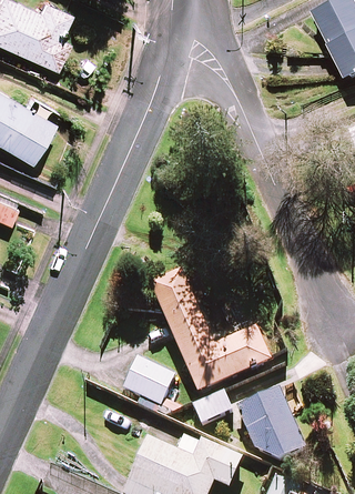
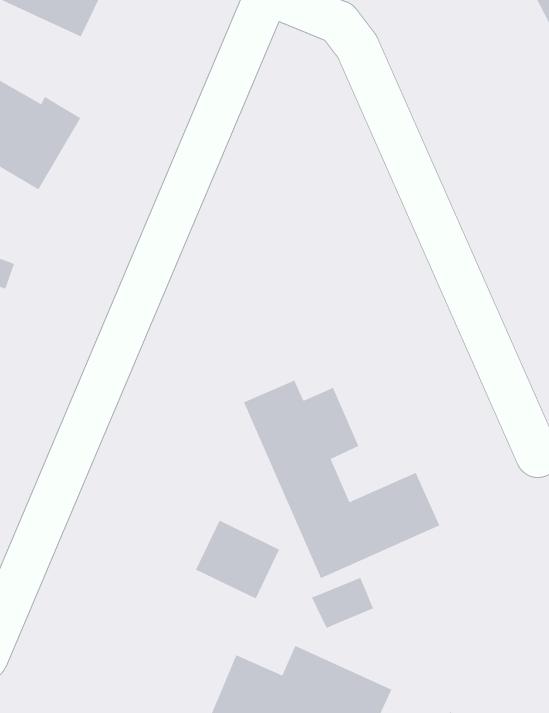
building: [234,389,303,460] -> none

